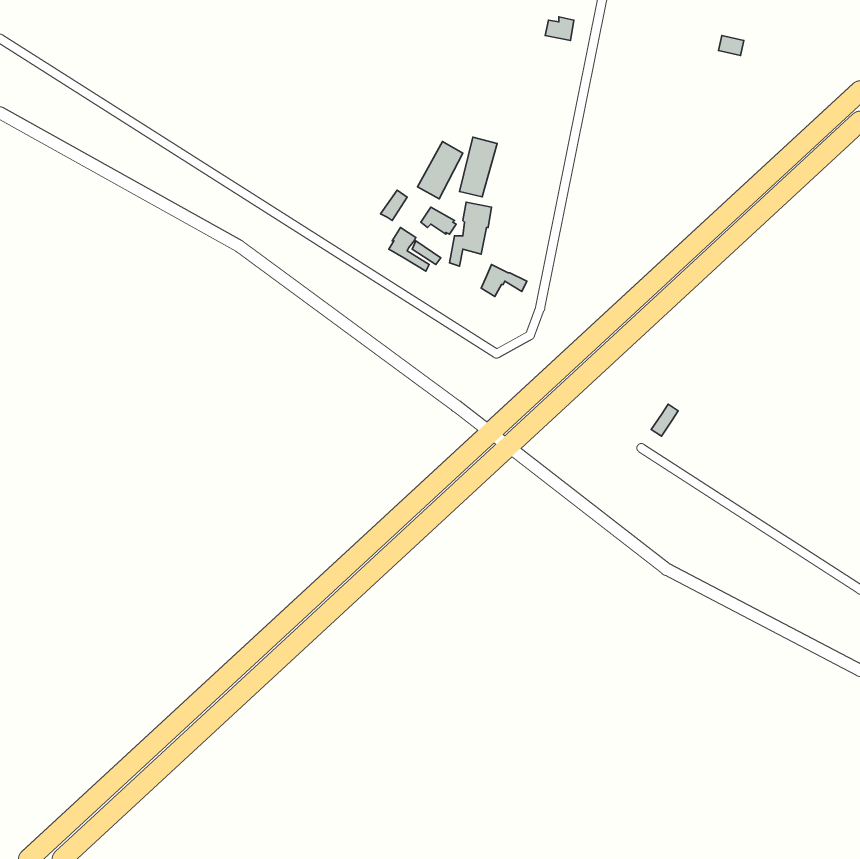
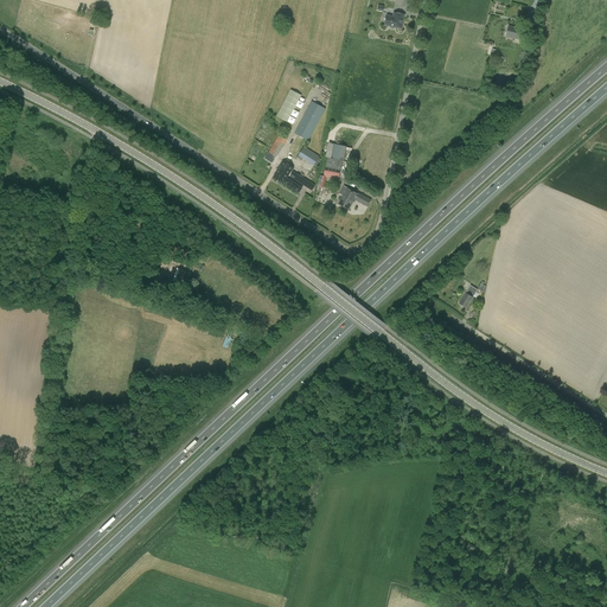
building: [459,137,497,197] -> none

